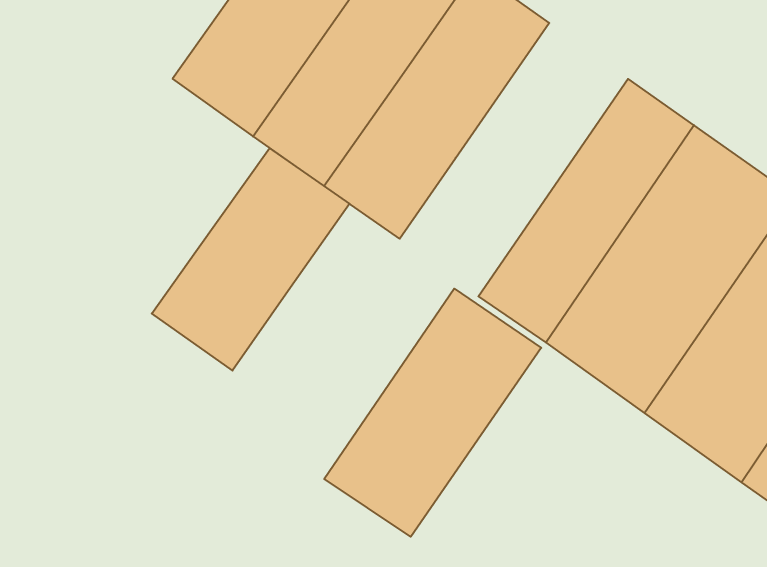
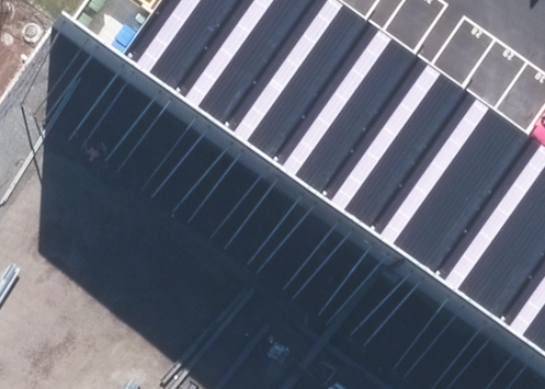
building: none -> [286,25,439,207]
building: [152,148,350,371] -> none
building: [324,289,541,537] -> none

